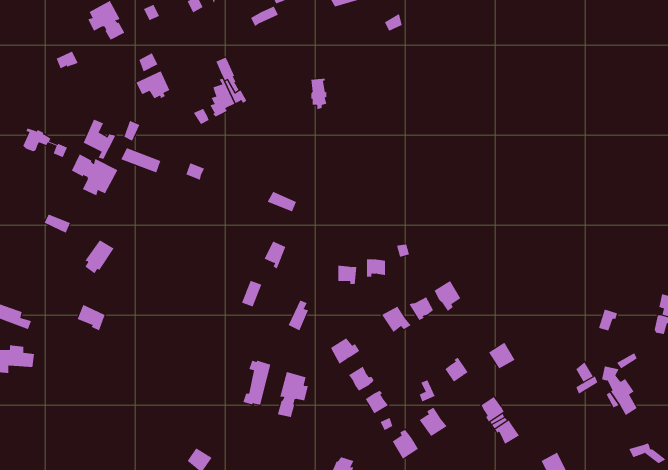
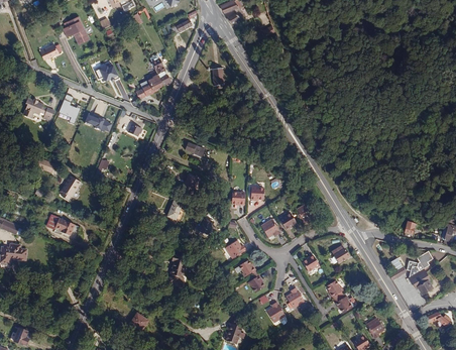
building: [71,153,118,196] -> none
building: [277,371,308,418] -> none

